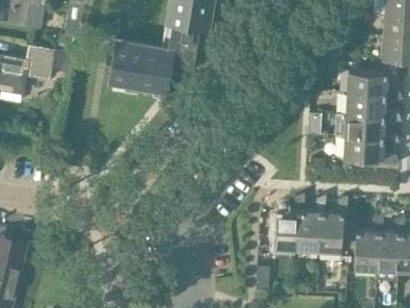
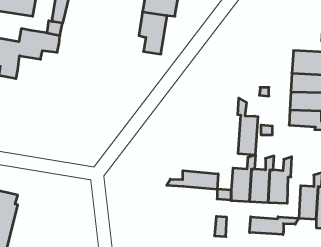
building: [108,44,174,93] -> none
building: none -> [238,98,258,155]
building: none -> [167,171,218,189]
building: none -> [250,217,299,235]

